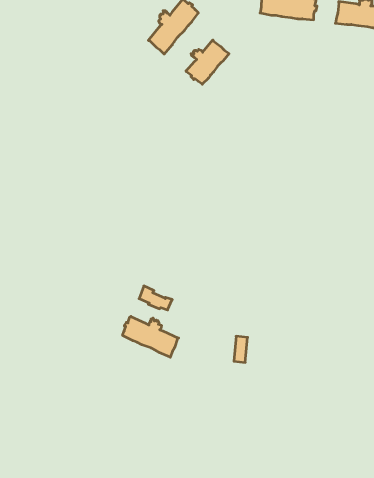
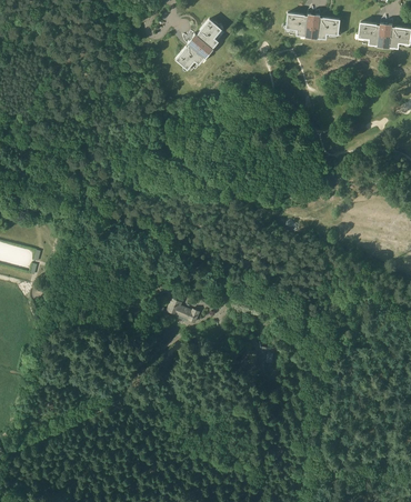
building: [186,40,229,84] -> none
building: [123,316,179,357] -> none

